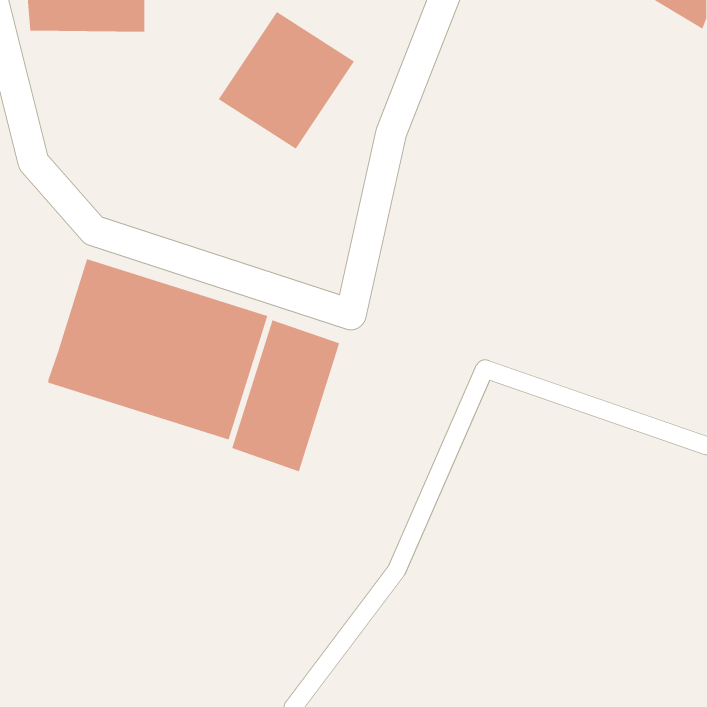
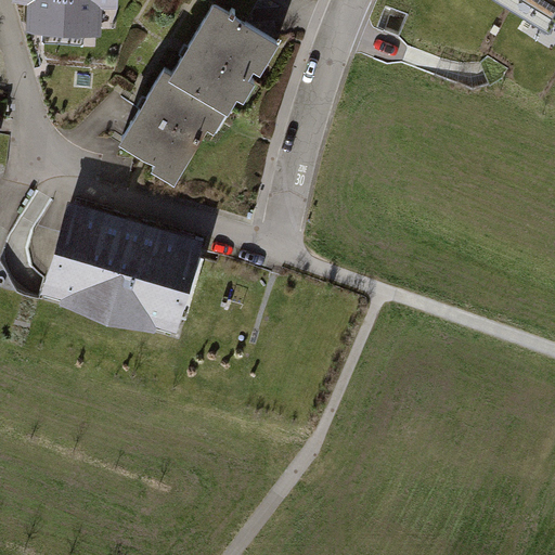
building: none -> [115,70,230,189]
building: [232,319,340,472] -> none

